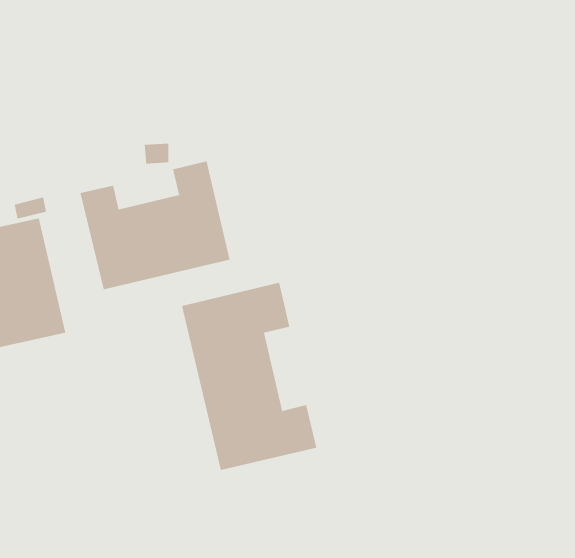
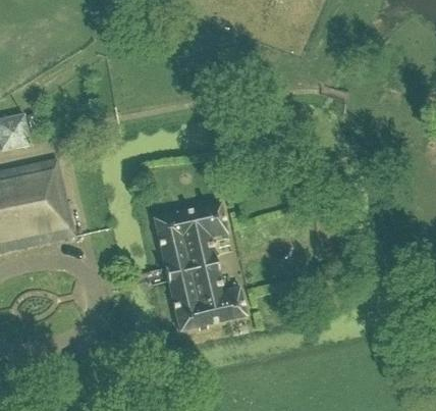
building: [80,161,230,290] -> none

